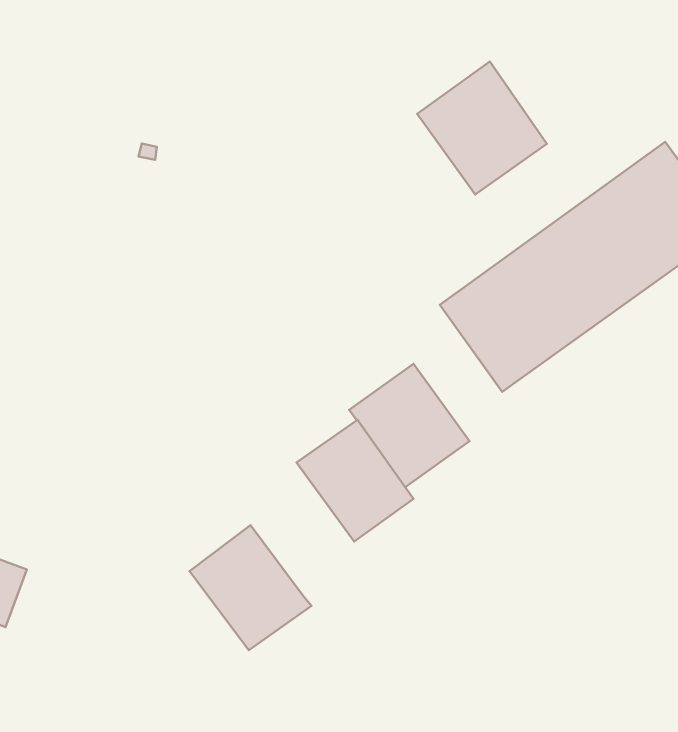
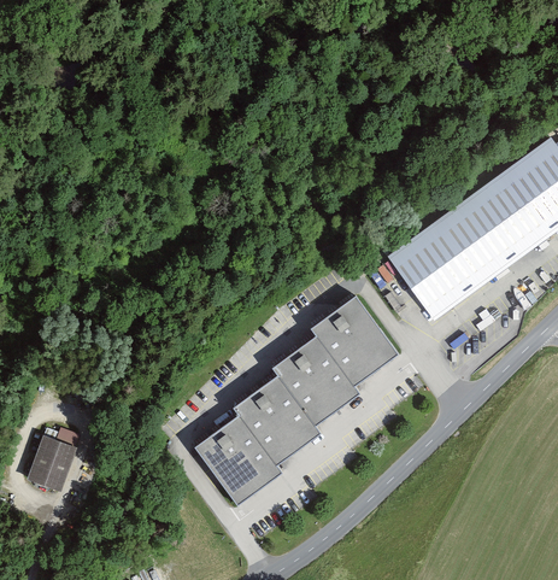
building: [417,62,547,194] -> none
building: none -> [235,376,322,467]

